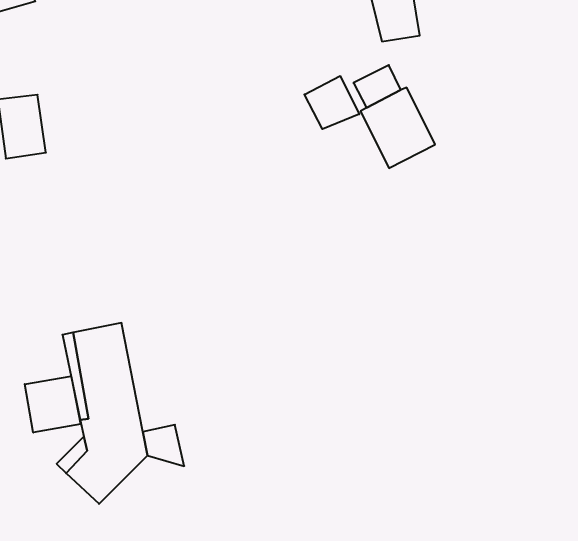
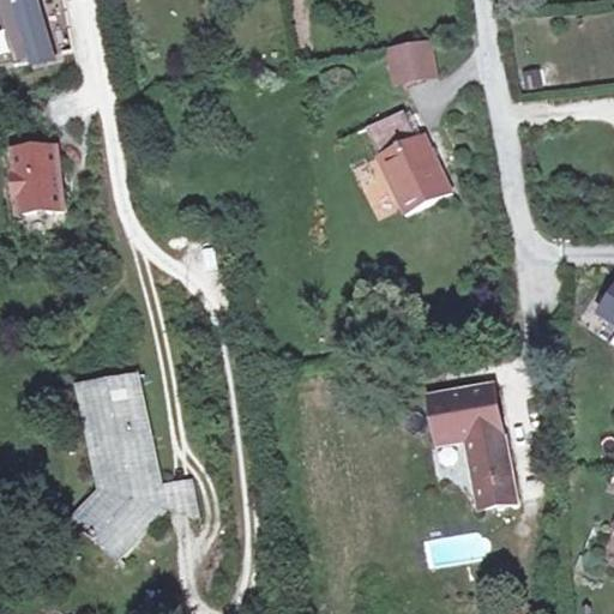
building: [304,76,359,129] -> none
building: none -> [432,384,514,504]
building: [25,376,80,433] -> none

